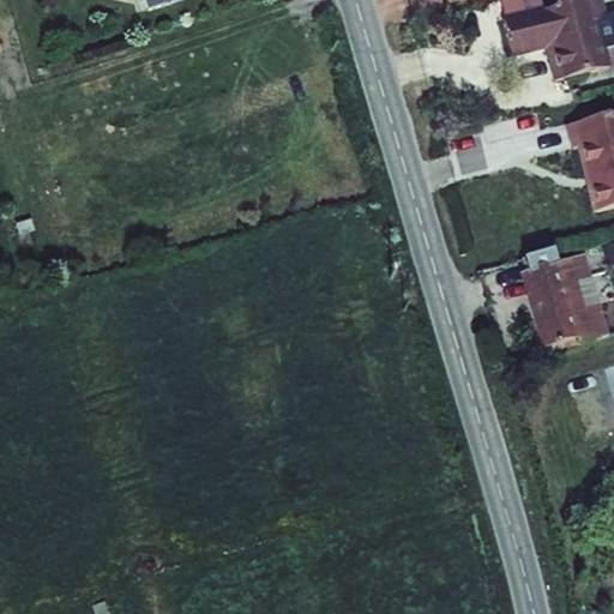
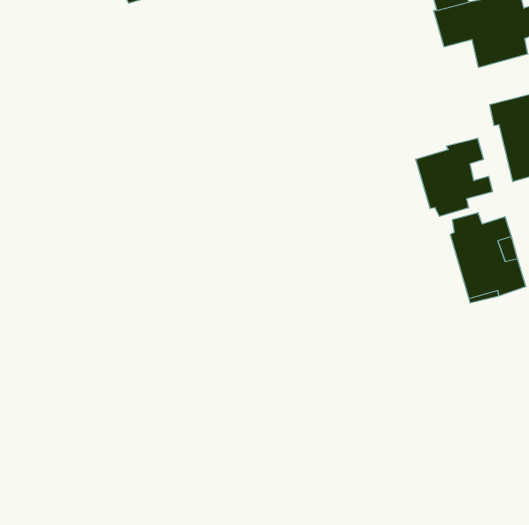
building: none -> [416,138,492,216]

